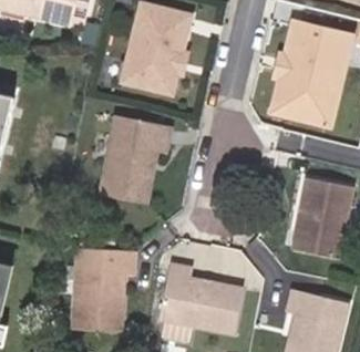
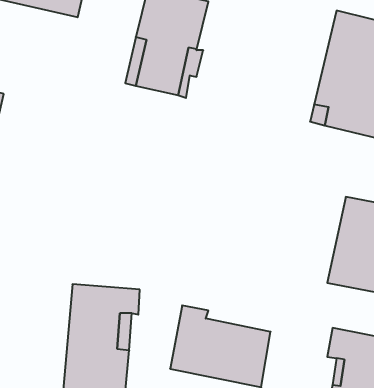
building: [99,114,168,199] -> none

